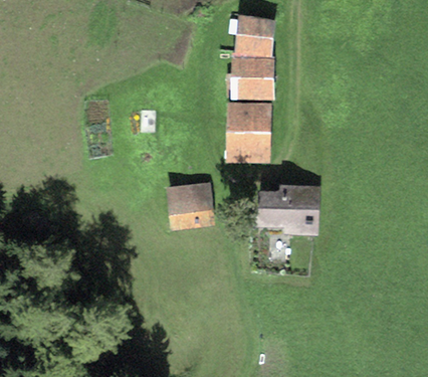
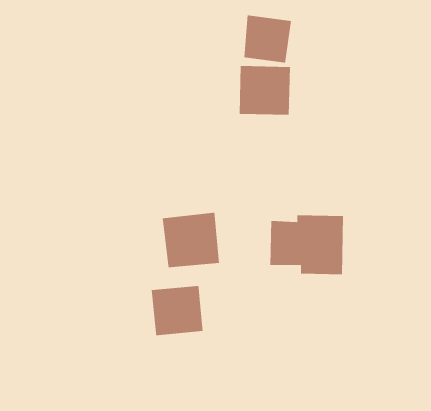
building: [225,102,271,163] -> none
building: none -> [151,285,203,336]

